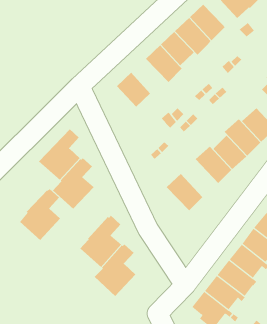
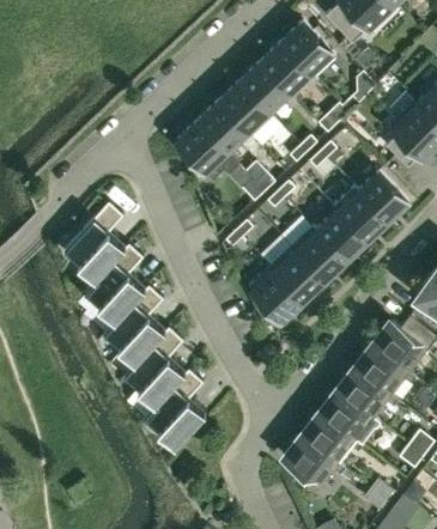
building: none -> [198,102,251,152]
building: none -> [269,247,323,302]
building: [19,189,61,241] -> [104,286,164,361]

